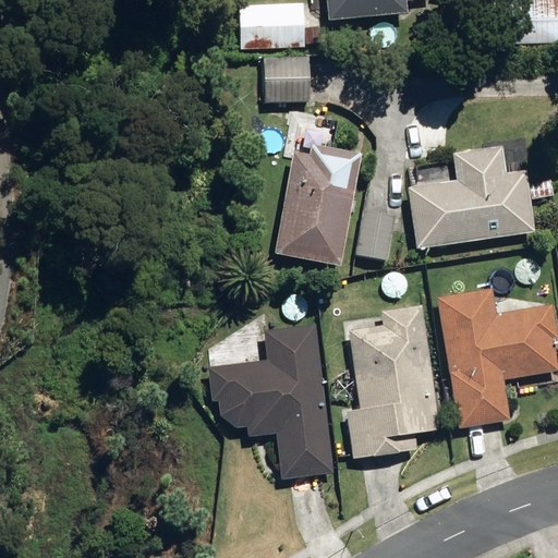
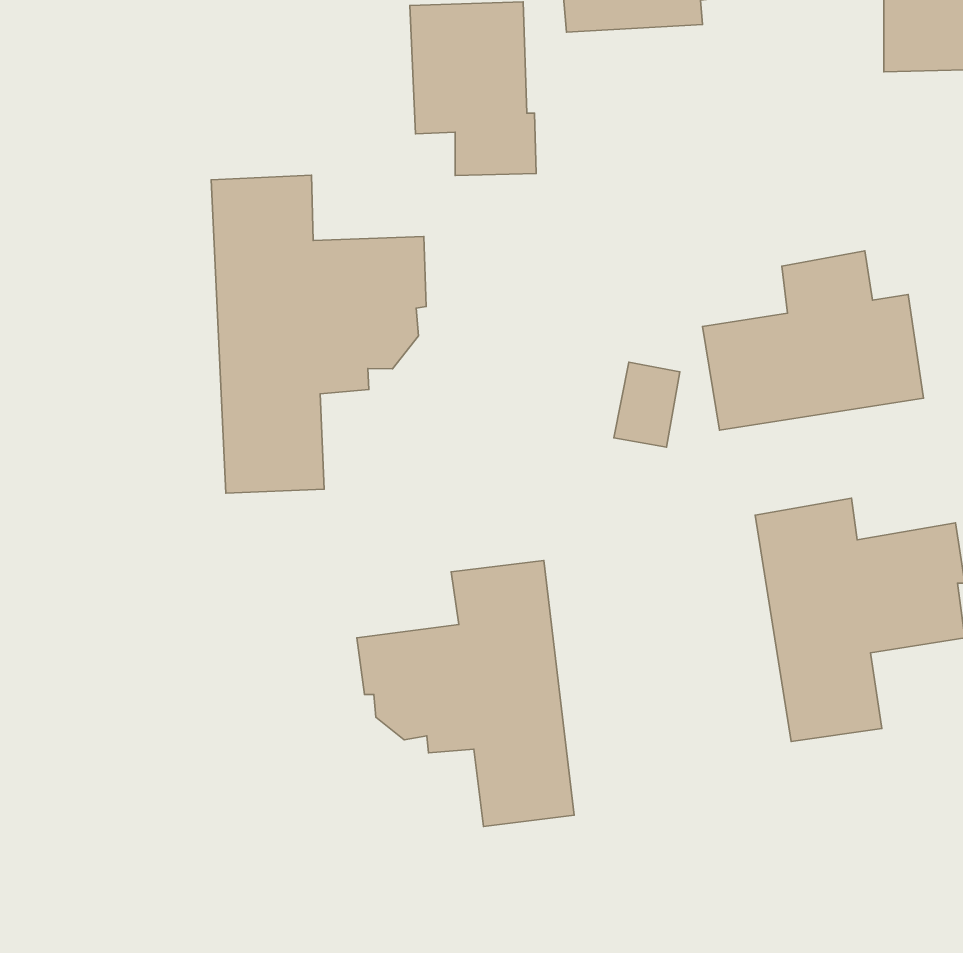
building: none -> [211,175,426,493]
building: [274,143,362,266] -> none
building: [345,304,440,459] -> none

